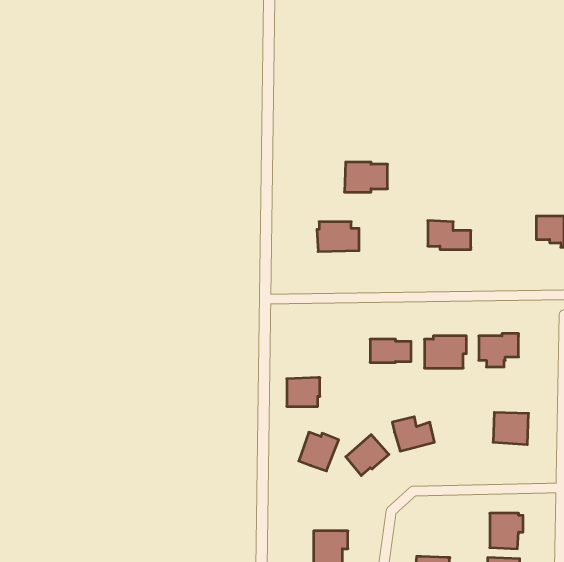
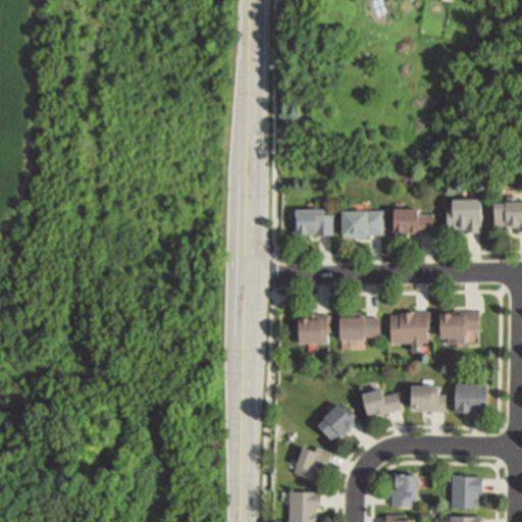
building: [344,162,388,192] -> [342,210,381,238]
building: none -> [447,198,480,232]
building: [287,378,320,406] -> [299,315,329,342]
building: none -> [411,385,445,413]
building: [299,432,339,471] -> [293,447,329,482]
building: none -> [392,472,417,507]

